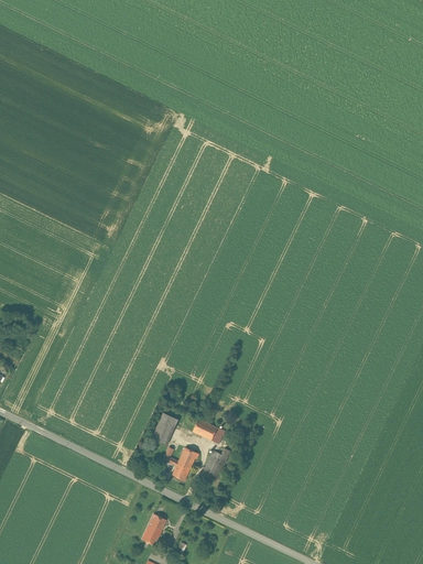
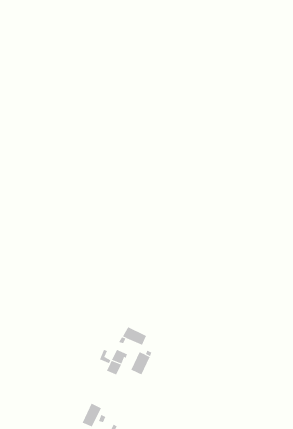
building: [151,412,178,445] -> none

